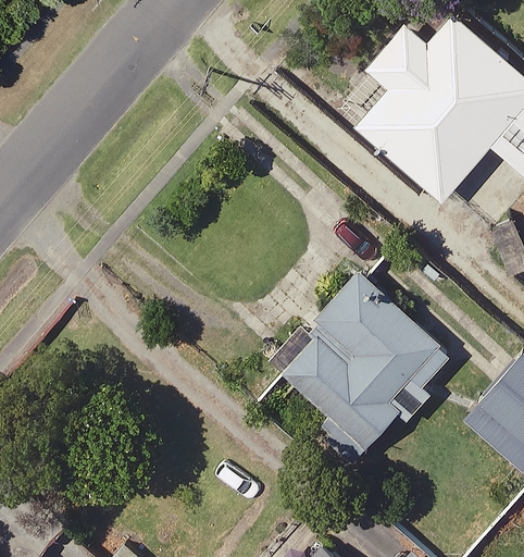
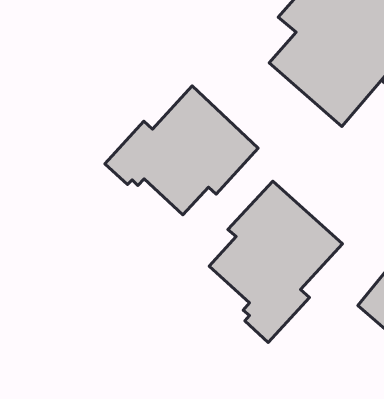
building: none -> [105,86,258,215]

